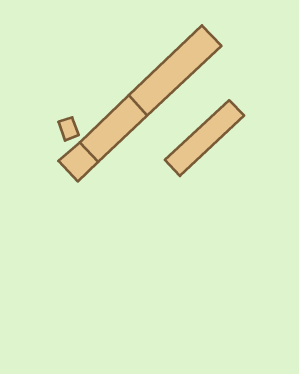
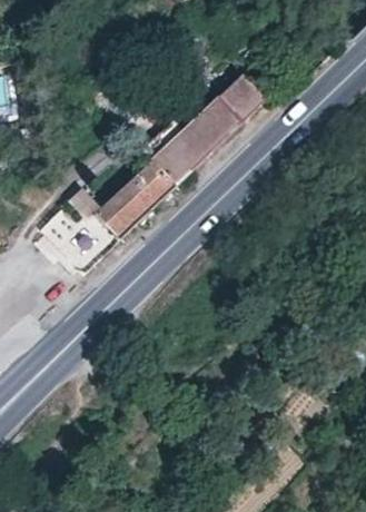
building: [165,100,244,176] -> none

